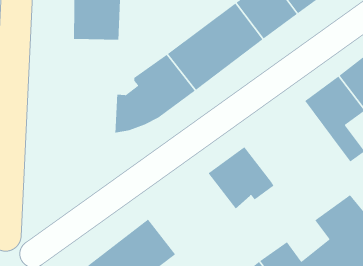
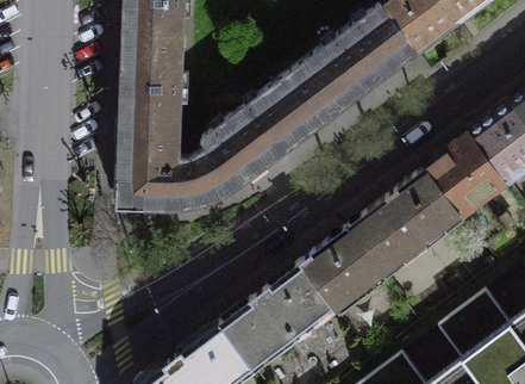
building: none -> [119,83,185,209]
building: none -> [350,165,464,271]
building: none -> [223,260,338,367]

